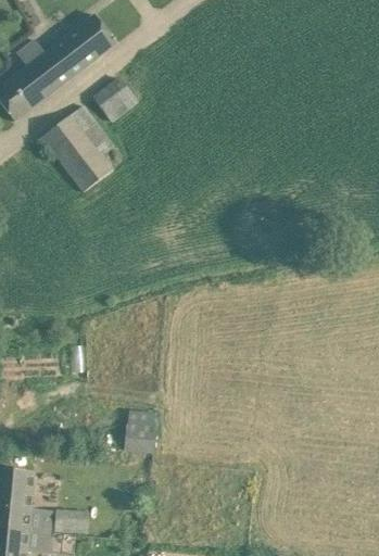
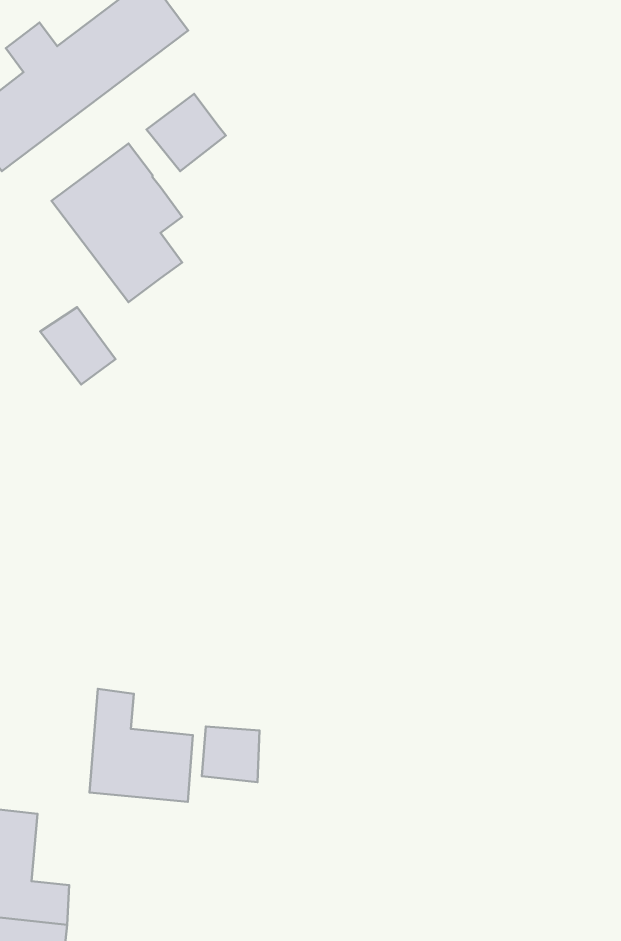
building: none -> [40,307,115,385]
building: none -> [89,689,193,802]
building: [55,507,89,532] -> none

